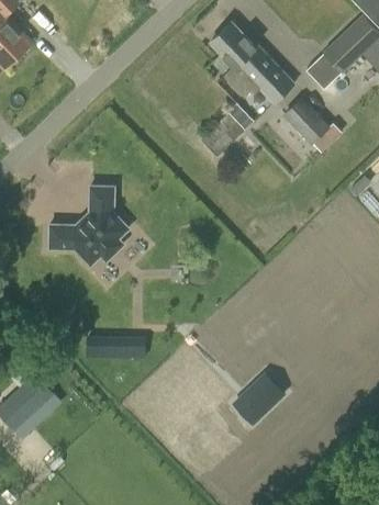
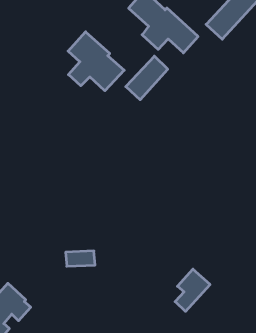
building: none -> [68,32,124,91]
building: [281,97,341,153] -> none
building: [48,187,127,266] -> none

